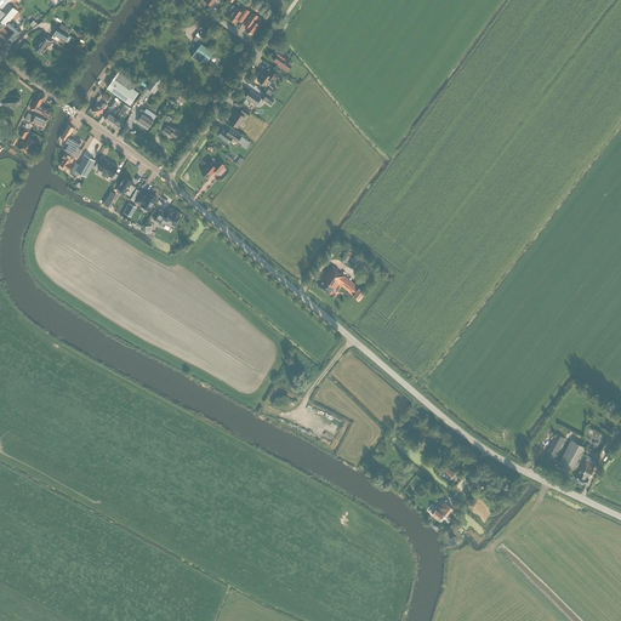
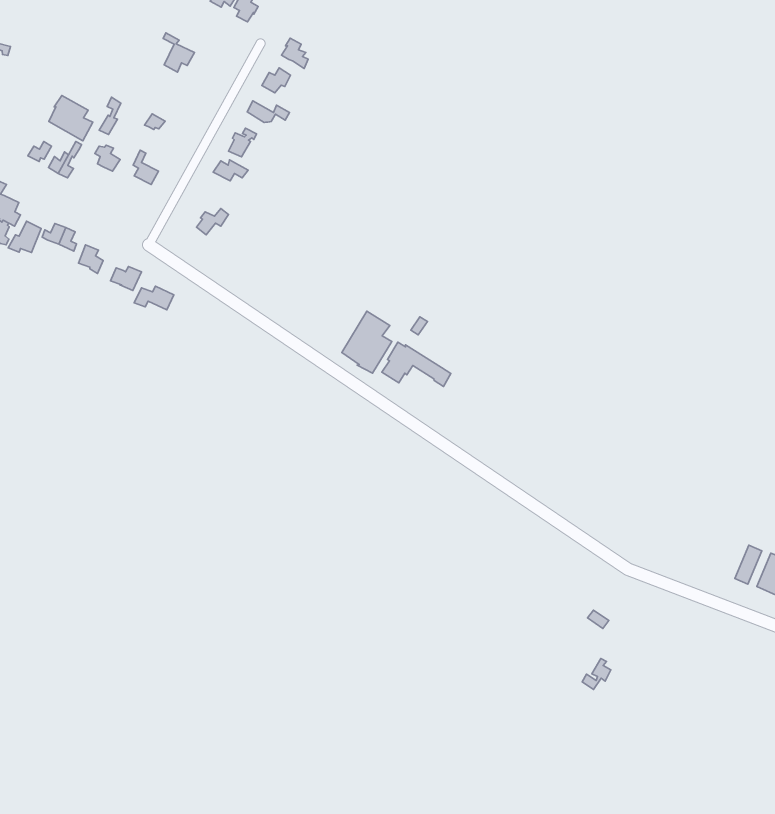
building: none -> [342,311,392,373]

